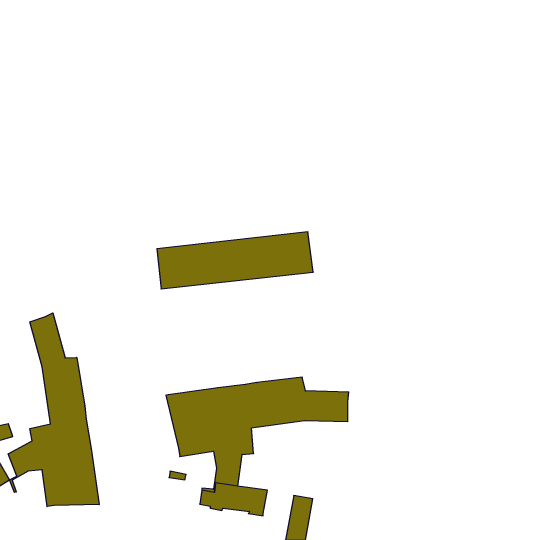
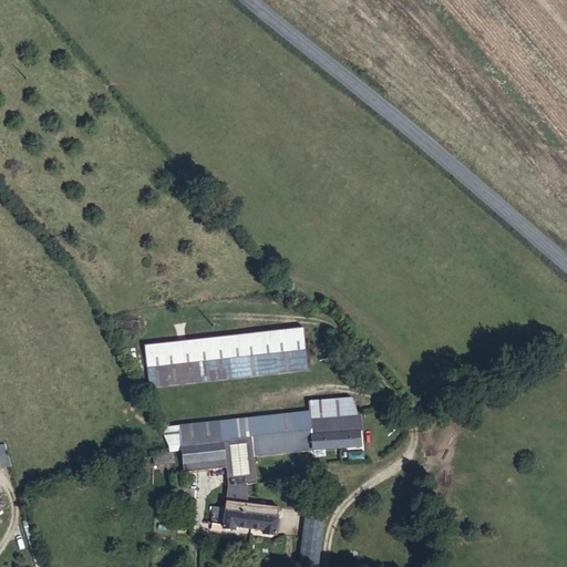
building: [157,232,313,289] -> [143,328,307,388]
building: [8,313,99,507] -> none

